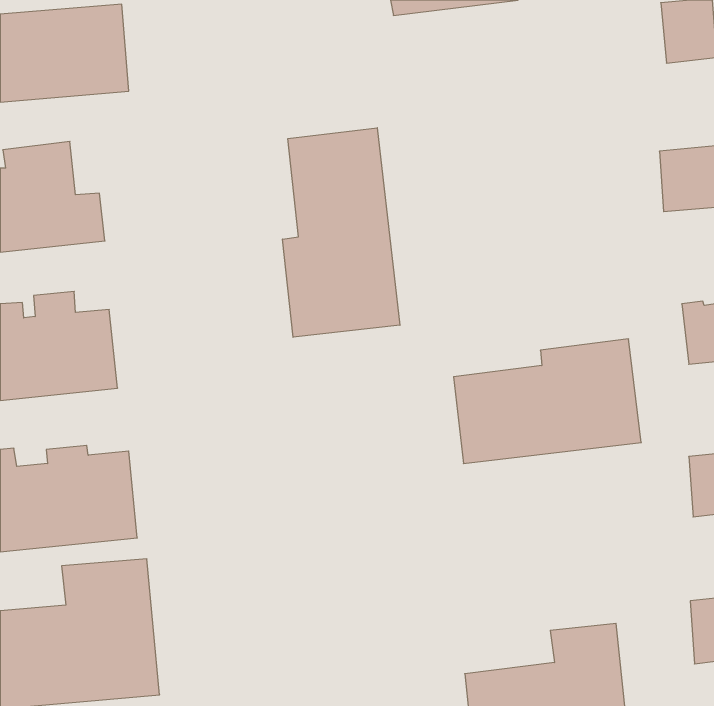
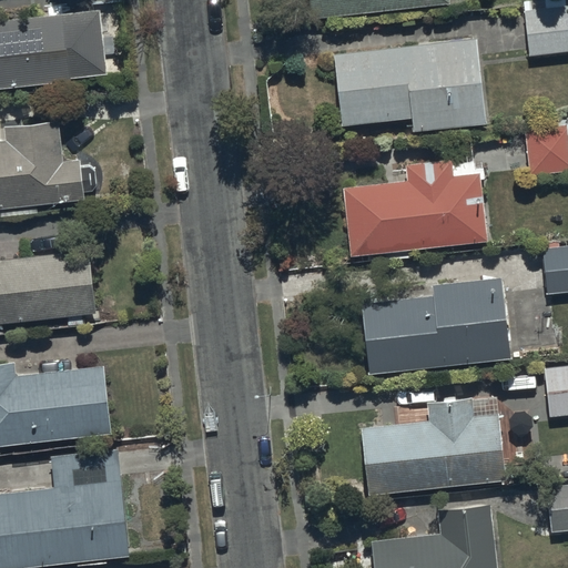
building: none -> [333,40,485,133]
building: [283,128,400,337] -> none
building: none -> [342,160,488,256]
building: none -> [359,395,505,495]

